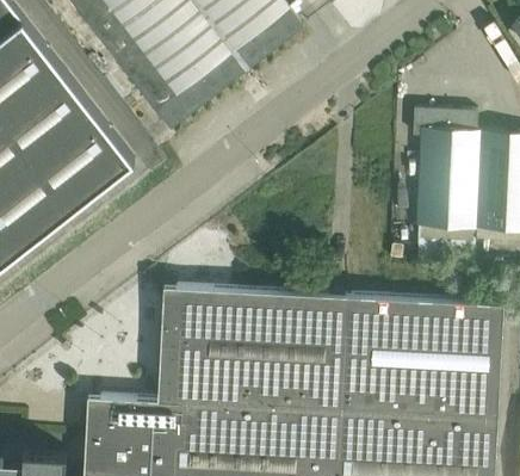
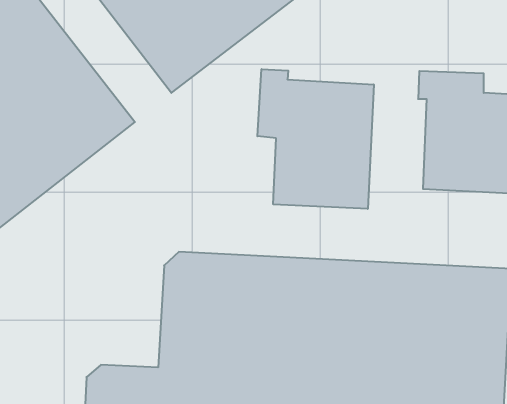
building: none -> [257,69,374,209]

